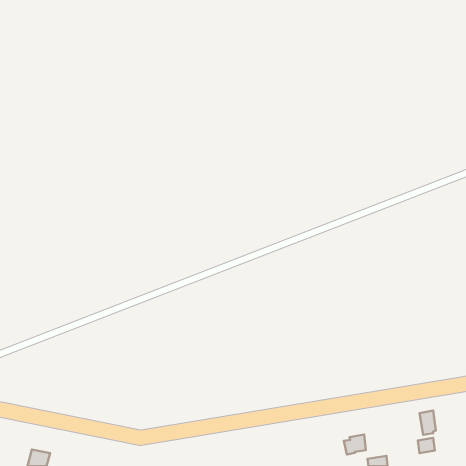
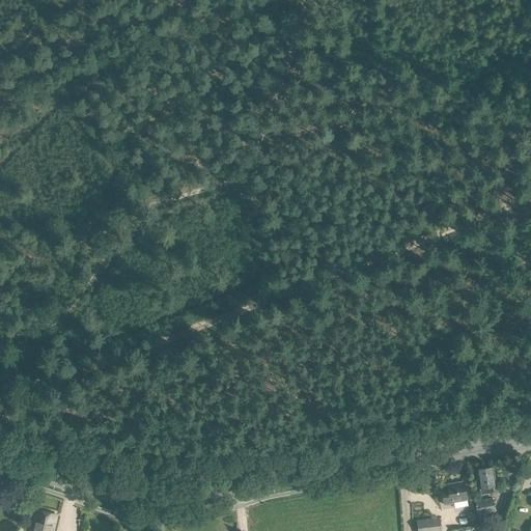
building: [344,435,366,455] -> [442,482,467,505]

